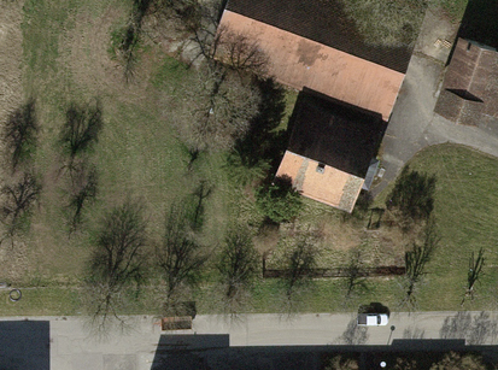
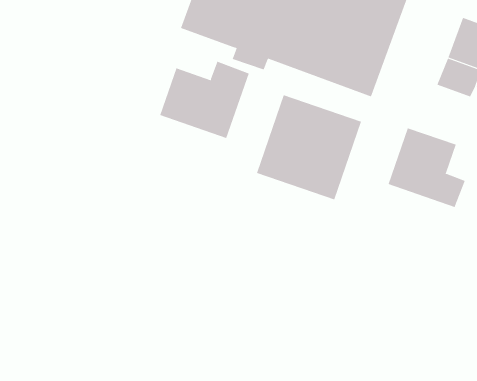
building: none -> [159,61,249,139]
building: none -> [388,127,466,208]

